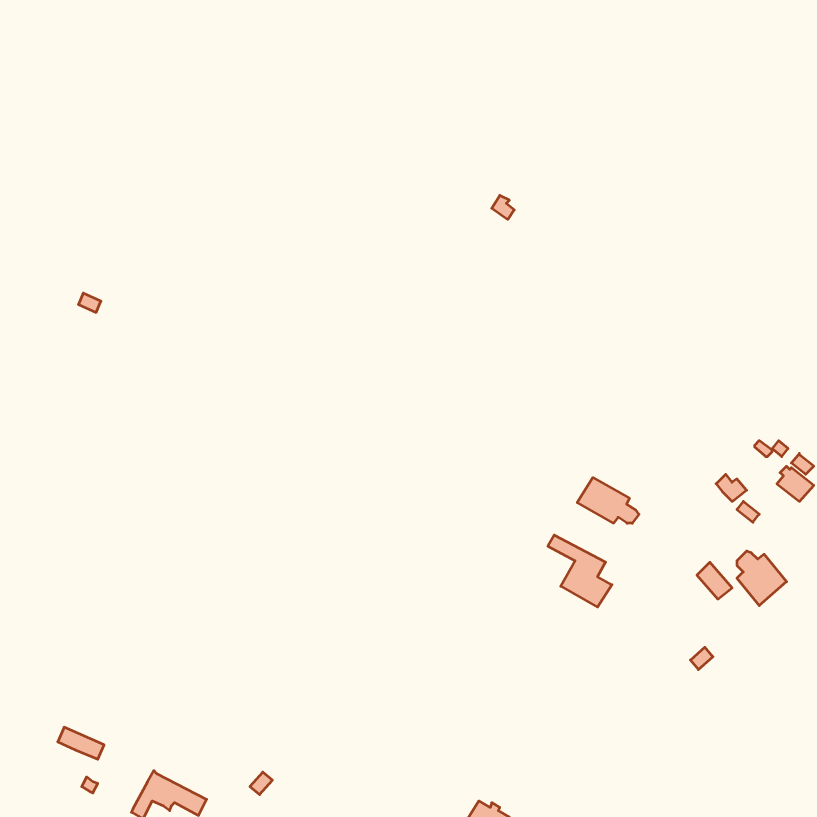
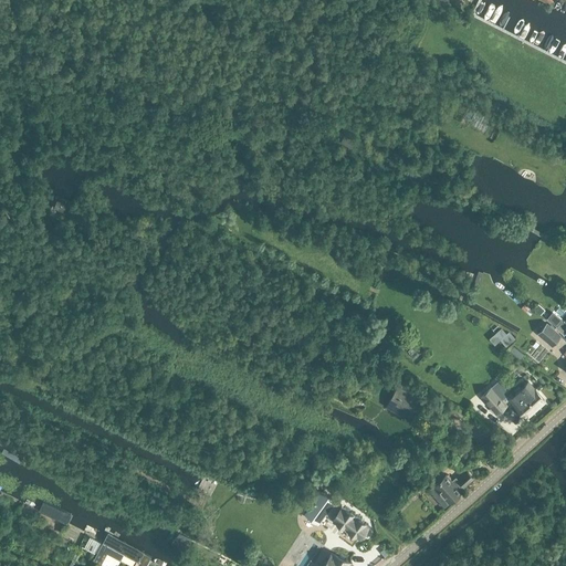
building: [577,478,639,523] -> none
building: none -> [432,473,472,504]
building: none -> [305,493,369,538]

